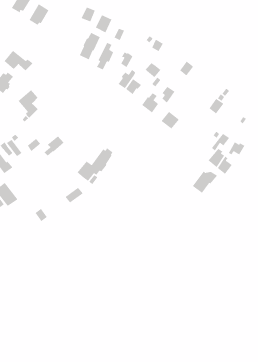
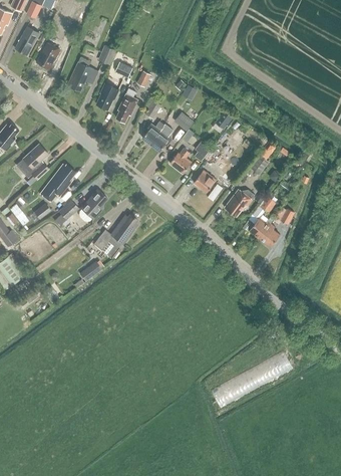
building: none -> [67,56,97,90]
building: [3,50,33,71] -> none
building: none -> [40,164,74,200]
building: none -> [78,189,106,220]
building: [192,170,218,194] -> [224,188,255,216]

